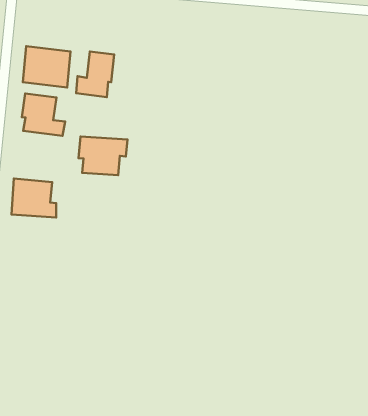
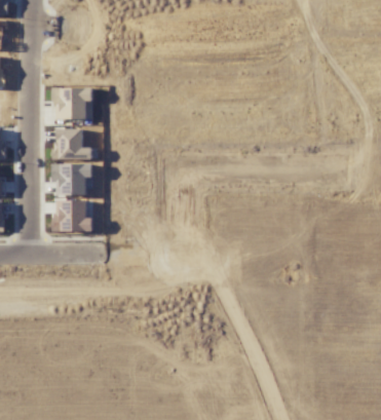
building: [76,51,114,97] -> none
building: [79,136,128,175] -> [53,163,93,195]

